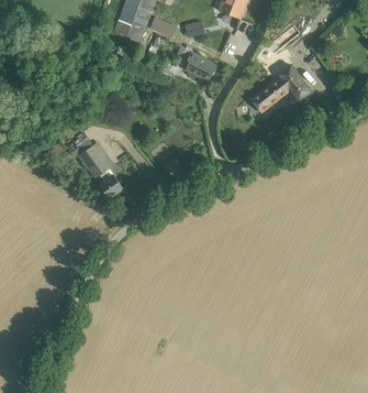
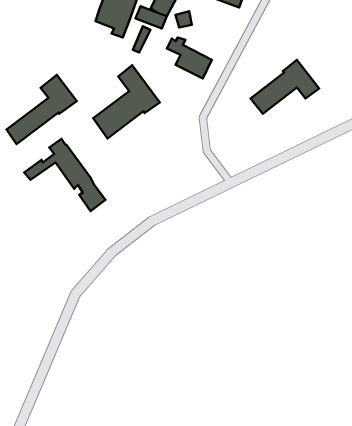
building: none -> [93,65,160,138]
building: none -> [7,75,77,144]

